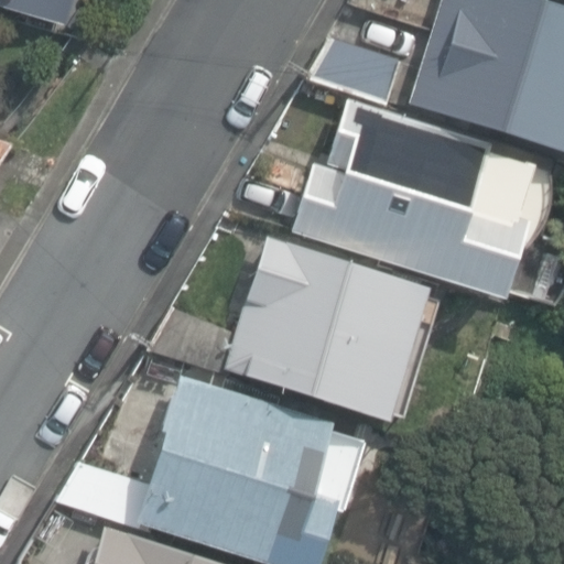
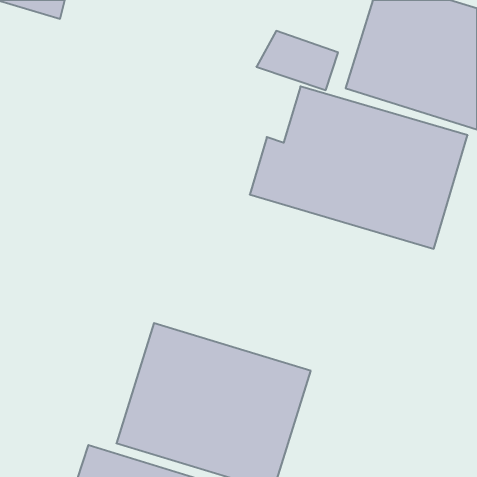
building: [230,236,437,417] -> none

